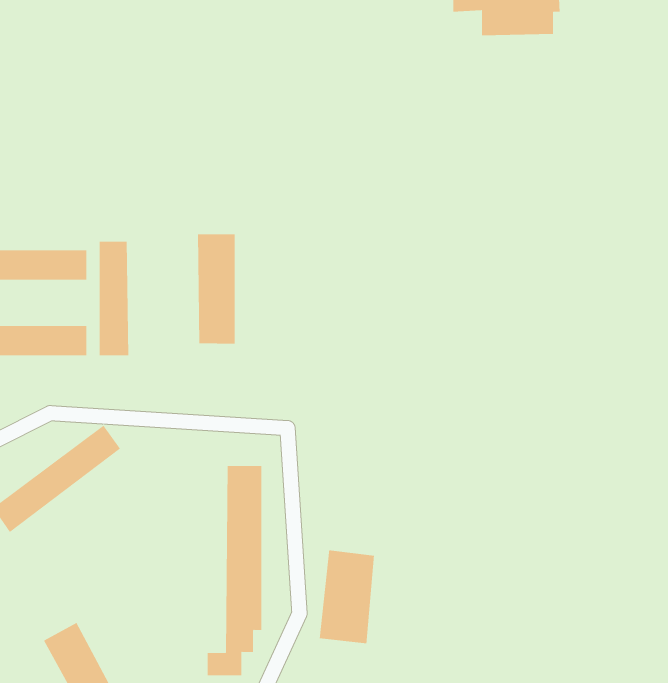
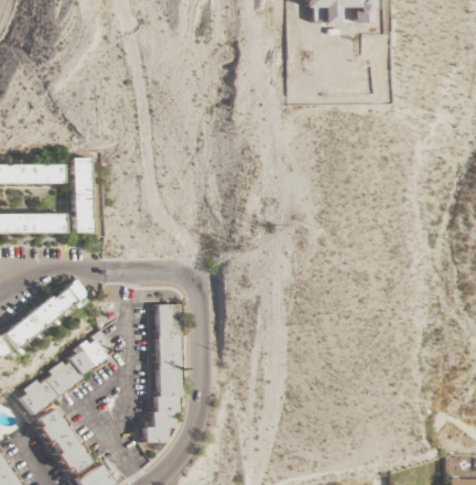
building: [197,233,235,345] -> none
building: none -> [19,332,119,412]
building: [319,550,375,644] -> none

